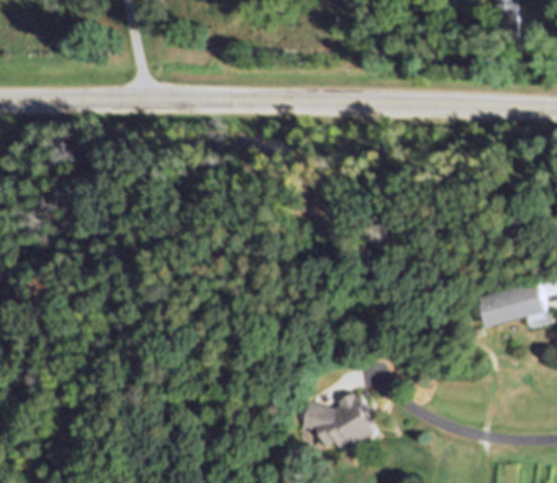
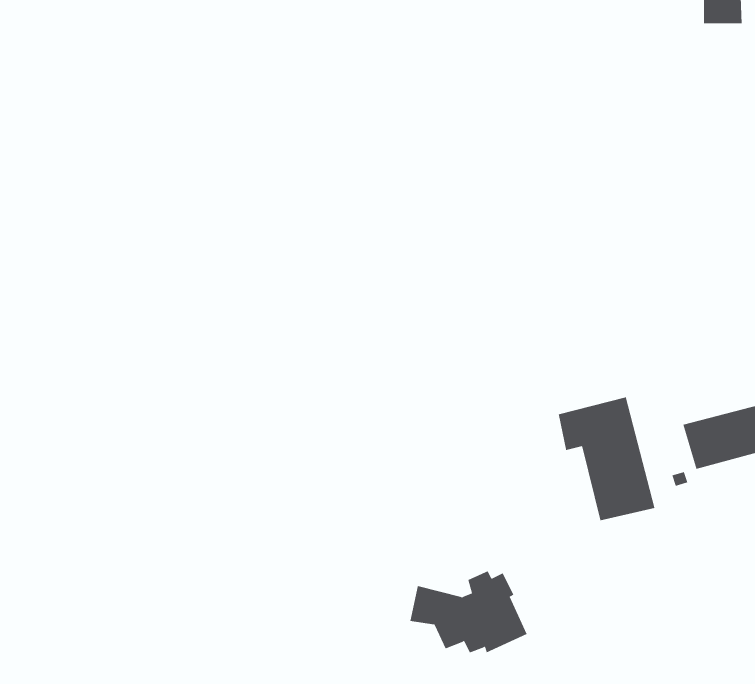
building: none -> [558,397,655,521]

